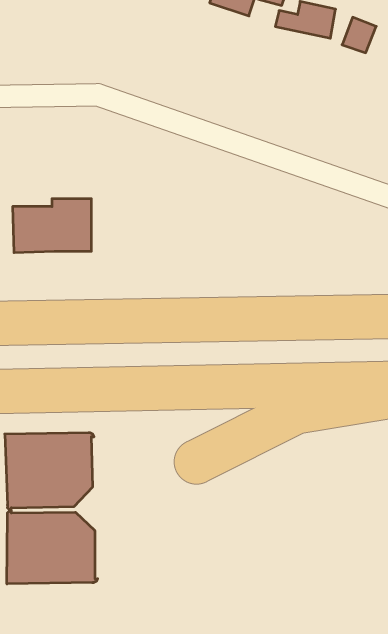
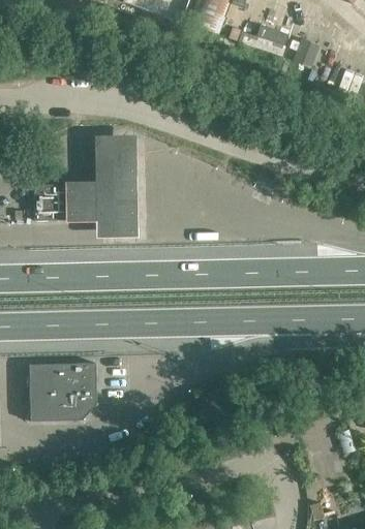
building: none -> [95,137,136,238]
building: [7,510,98,584] -> none

